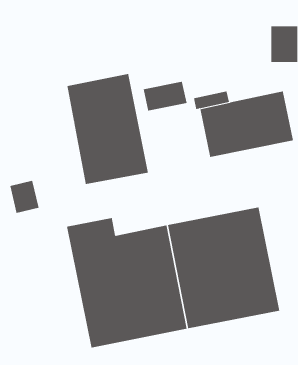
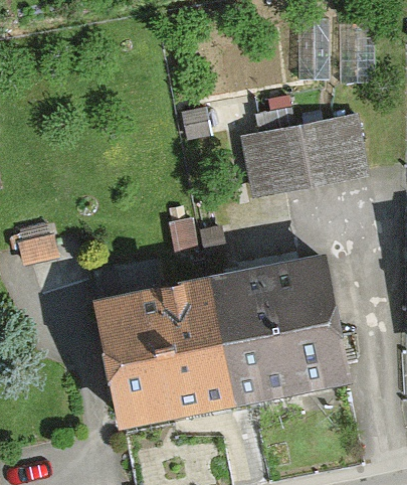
building: [67,73,149,185] -> none

